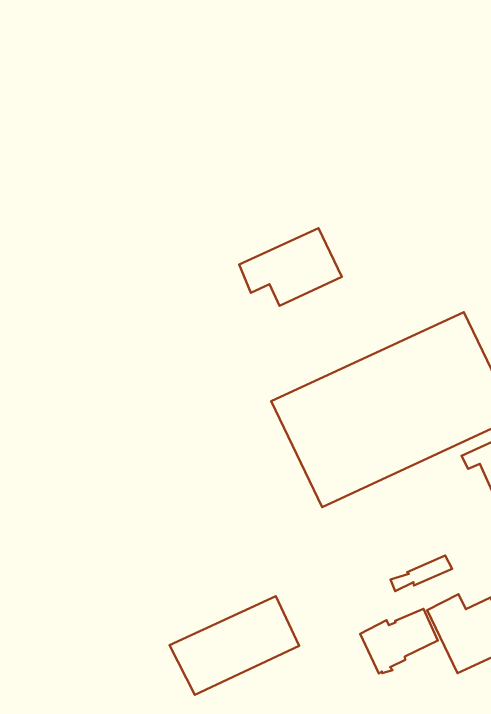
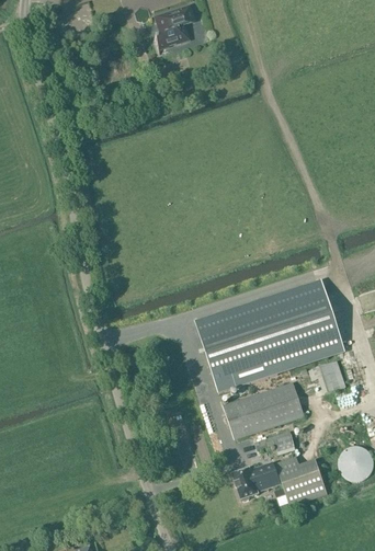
building: [239,228,342,306] -> none
building: [170,596,299,695] -> [224,382,305,438]

